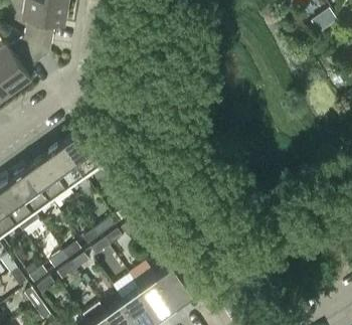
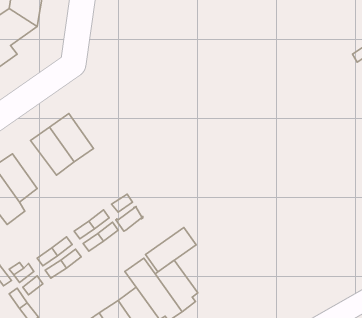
building: [27,156,66,199] -> none
building: none -> [145,228,196,272]

